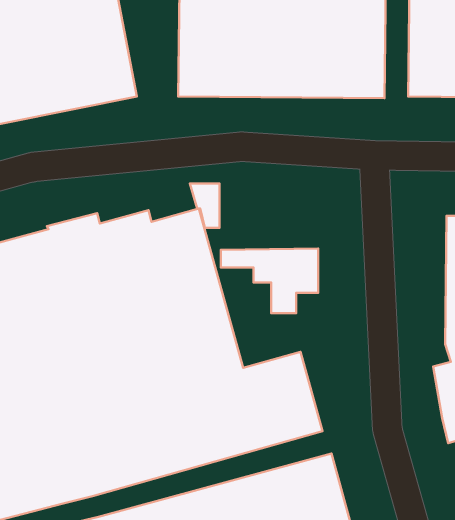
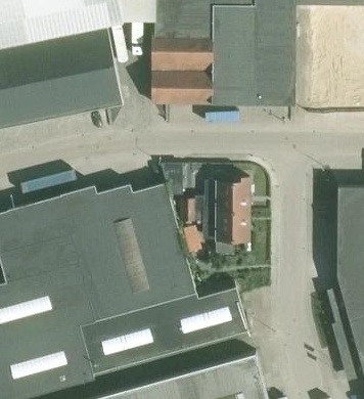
building: none -> [181,177,249,210]

